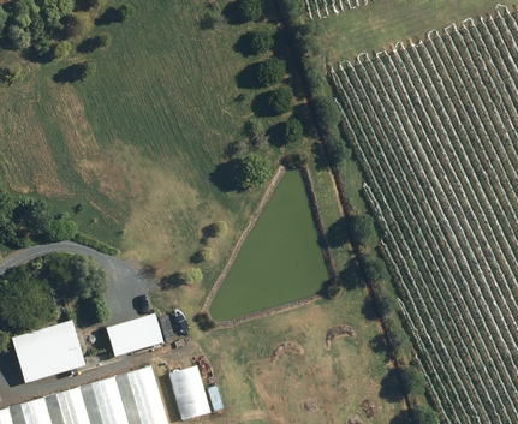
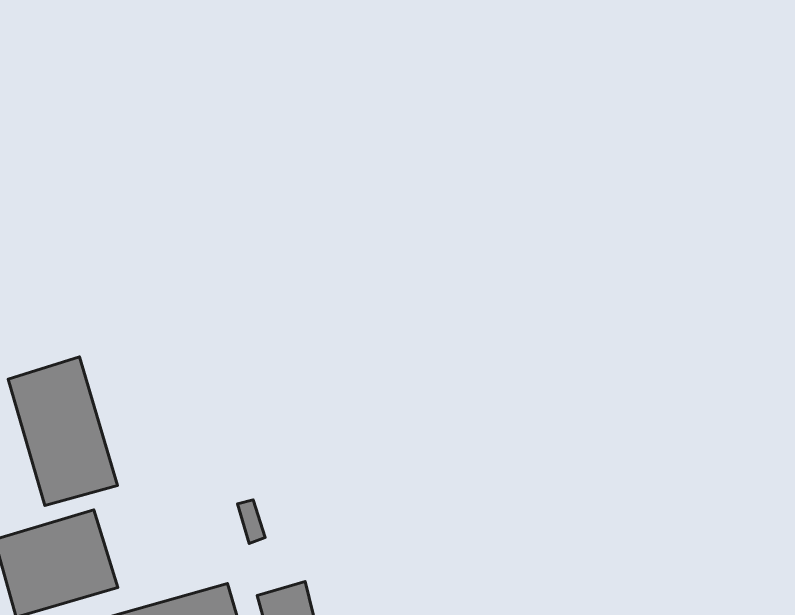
building: none -> [8,357,117,505]
building: [105,315,161,360] -> none

